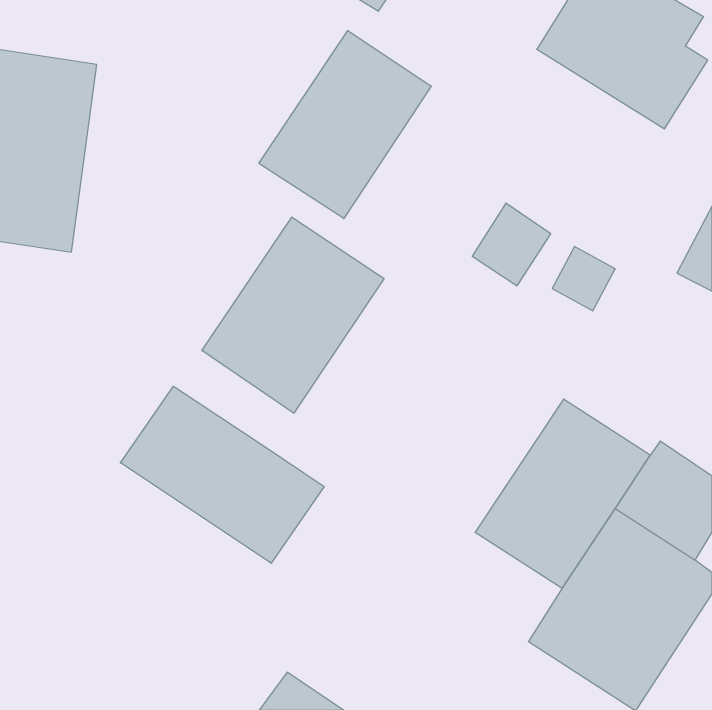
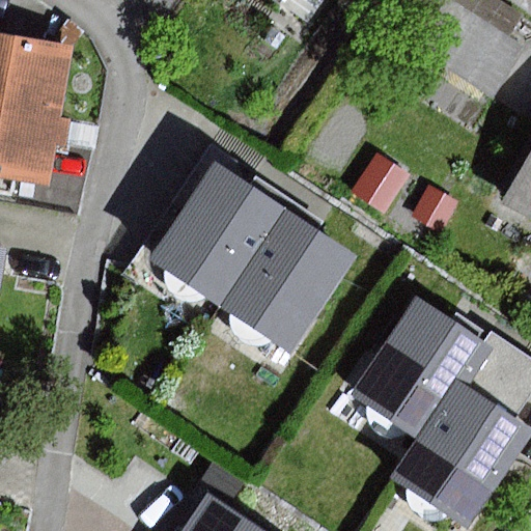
building: [259,30,431,219] -> none
building: none -> [218,206,357,354]
building: [120,386,324,563] -> none

